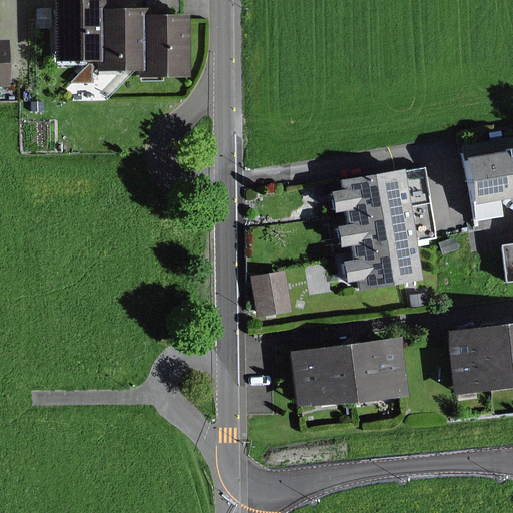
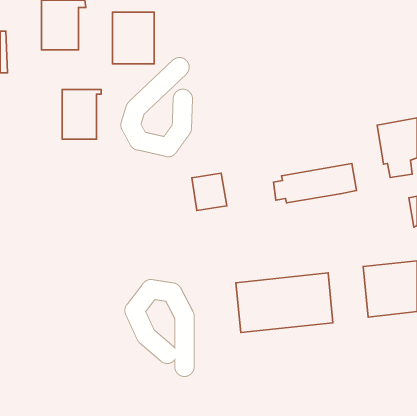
building: [96,11,144,72] -> [62,89,101,139]
building: [328,165,432,217] -> none
building: [339,239,426,295] -> none
building: [252,270,296,316] -> [192,173,227,211]

